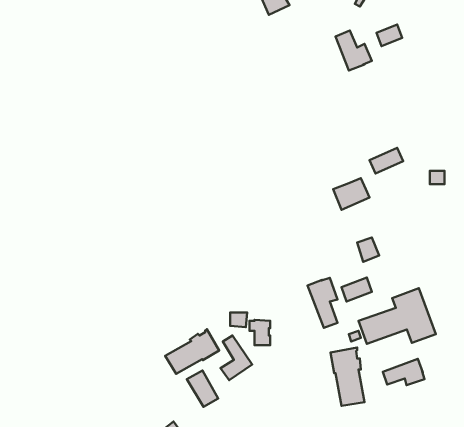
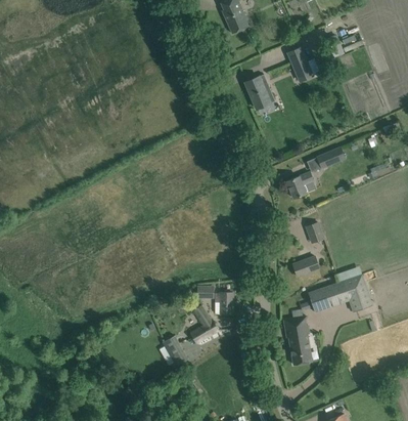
building: none -> [244,74,274,109]
building: [308,278,338,328] -> none
building: [165,329,219,374] -> none
building: [383,359,424,385] -> none

